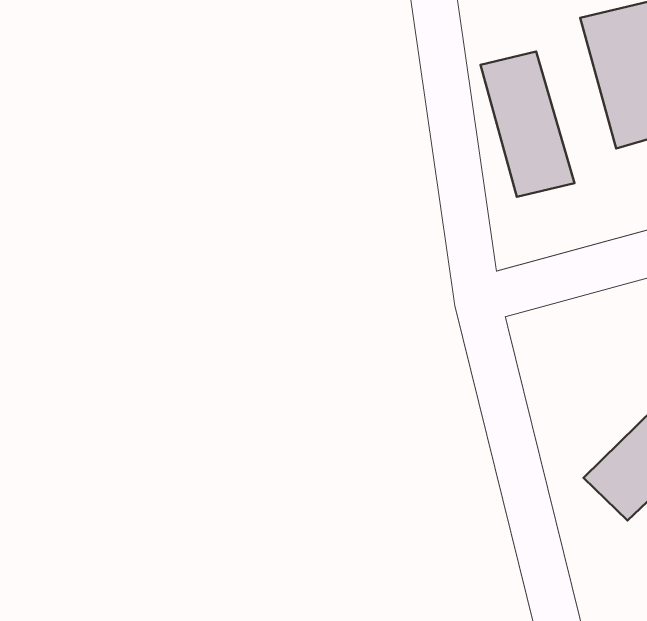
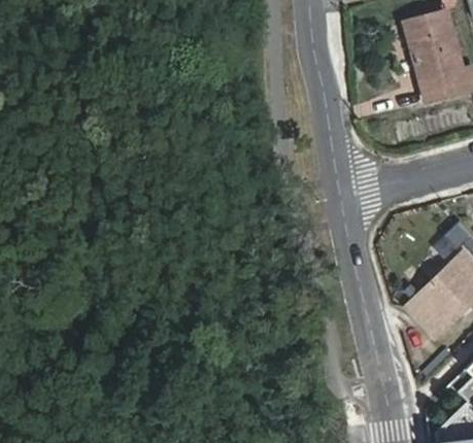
building: [480,51,575,197] -> none

